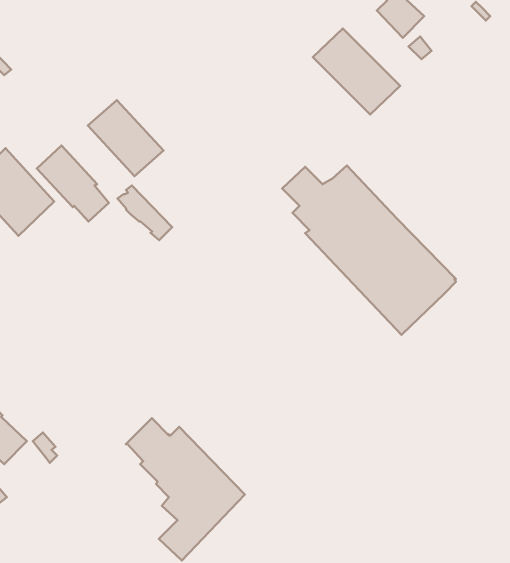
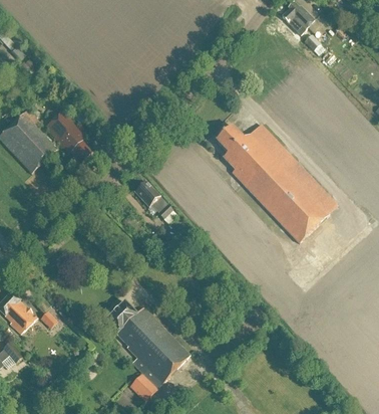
building: [313,28,400,114] -> none
building: [88,100,164,176] -> none
building: [118,185,172,240] -> [134,180,172,218]

